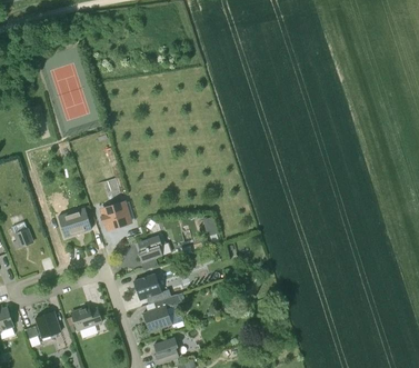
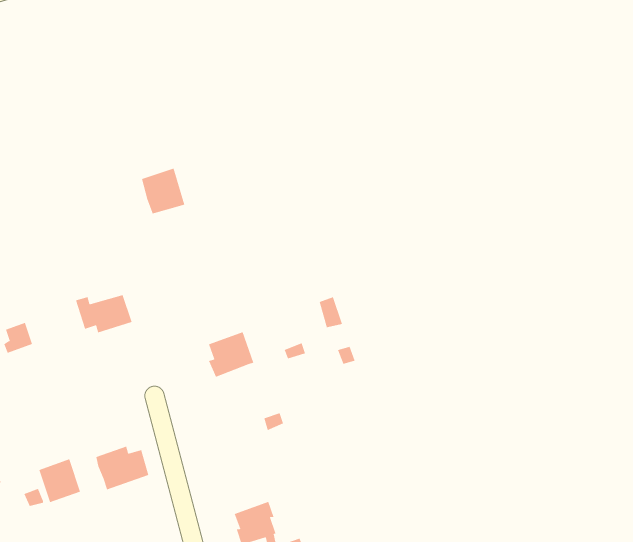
building: [103,199,130,227] -> [141,168,185,214]
building: [134,272,161,299] -> none
building: [142,305,172,331] -> none

